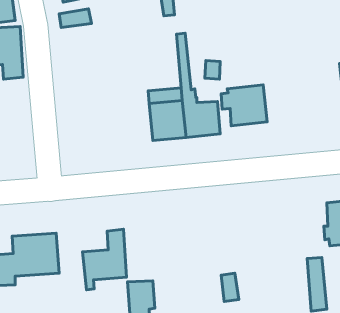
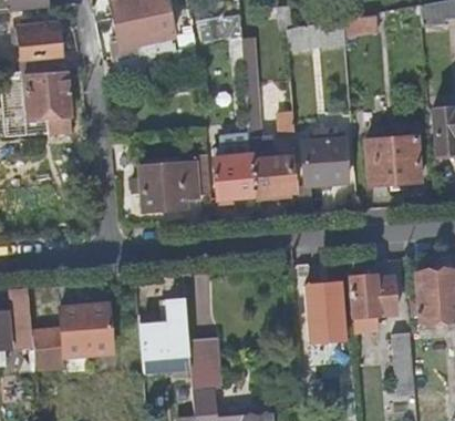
building: none -> [366,137,423,188]
building: none -> [138,157,197,213]
building: none -> [350,277,396,318]
building: none -> [302,286,341,337]

